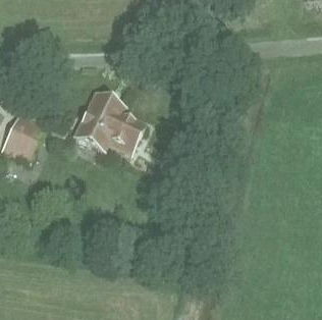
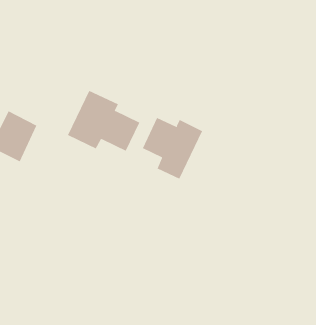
building: none -> [142,117,203,180]

